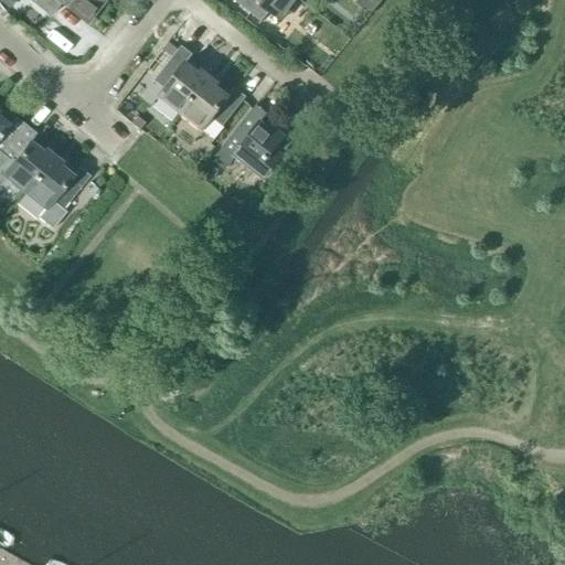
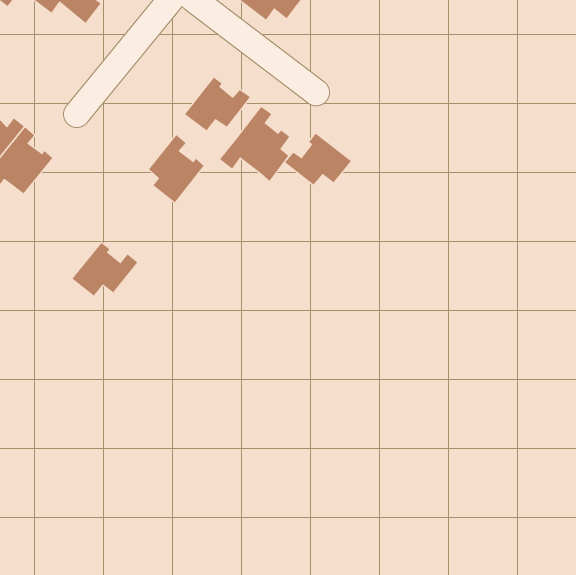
building: [153,44,209,111] -> [148,134,204,203]
building: none -> [284,133,352,185]
building: [23,154,88,207] -> [72,242,138,296]

